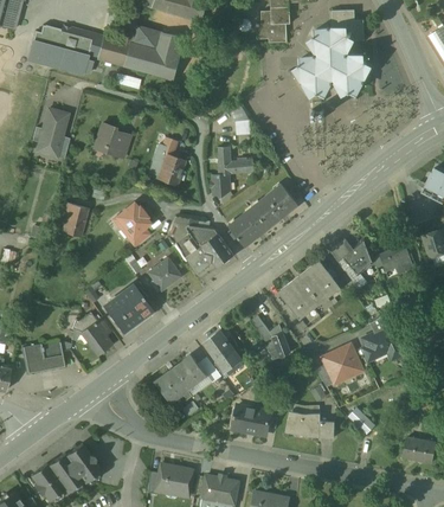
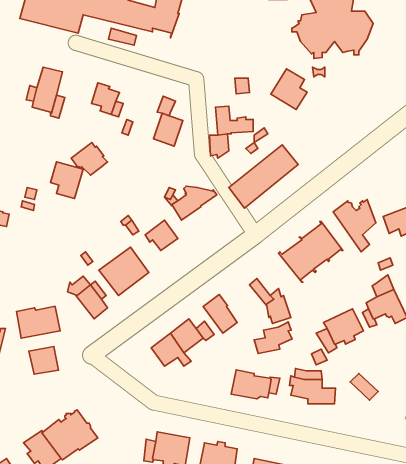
building: none -> [271,69,307,109]
building: [114,204,149,236] -> [71,142,107,175]
building: [185,233,233,280] -> none
building: none -> [254,322,292,354]
building: none -> [29,347,58,374]

